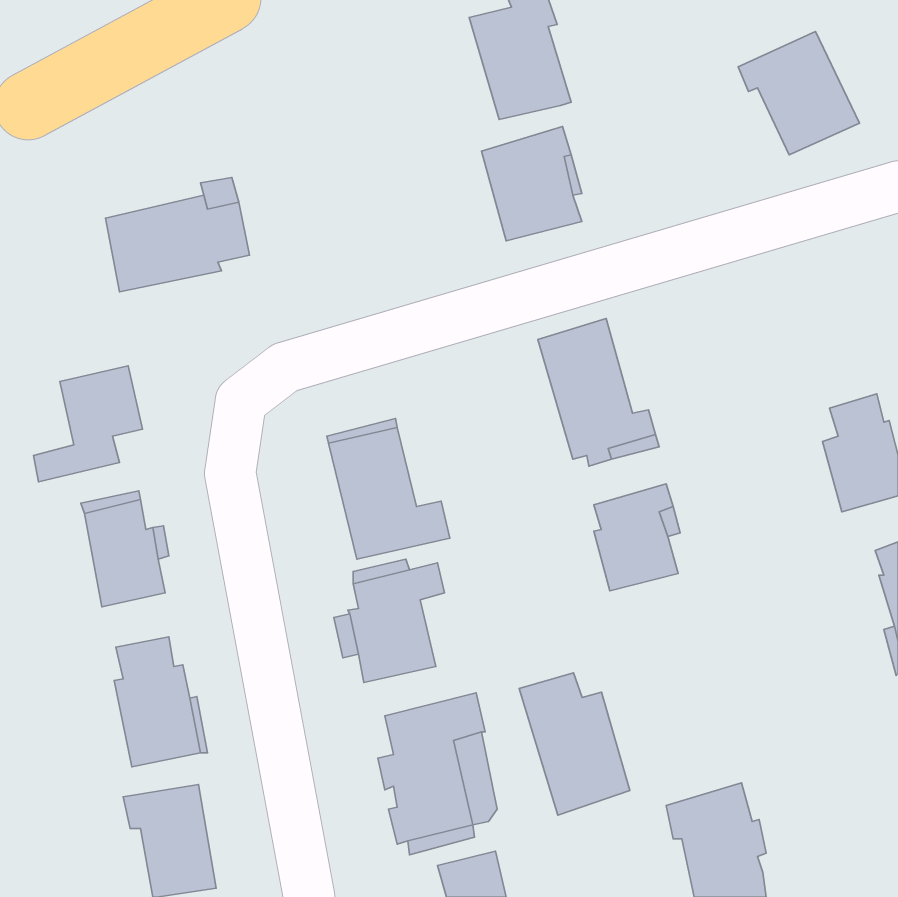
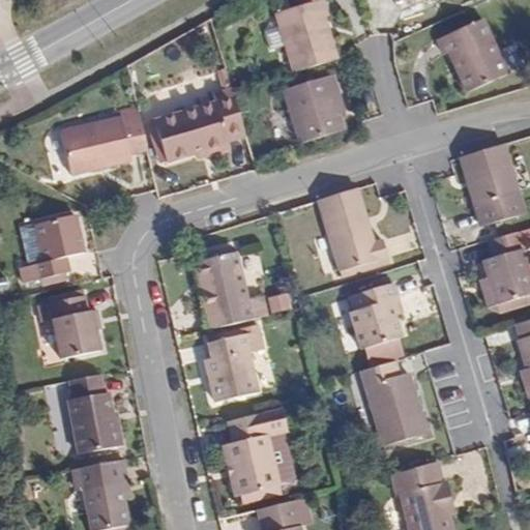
building: none -> [154,88,245,159]
building: none -> [461,144,523,225]
building: [519,673,630,815] -> [360,361,425,445]

